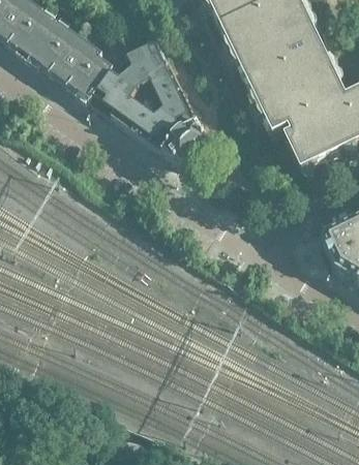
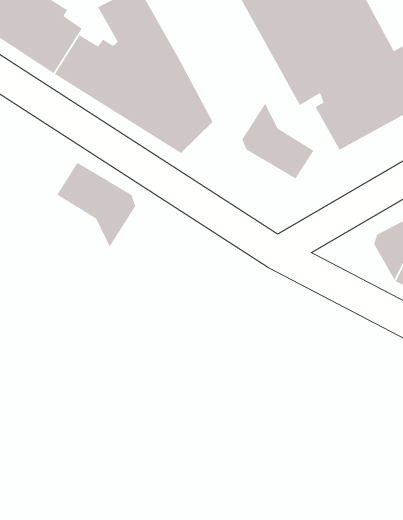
building: none -> [242,102,314,180]
building: none -> [56,162,136,248]

